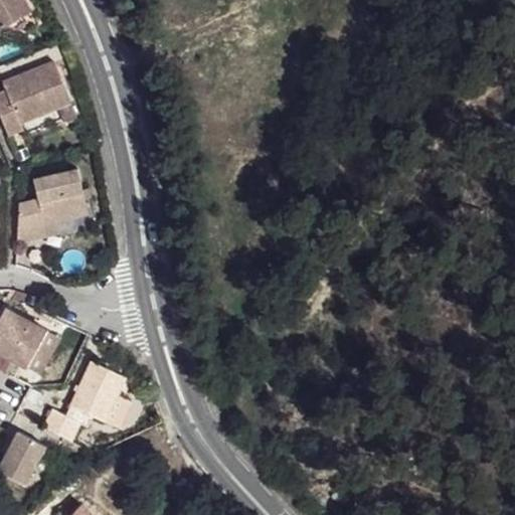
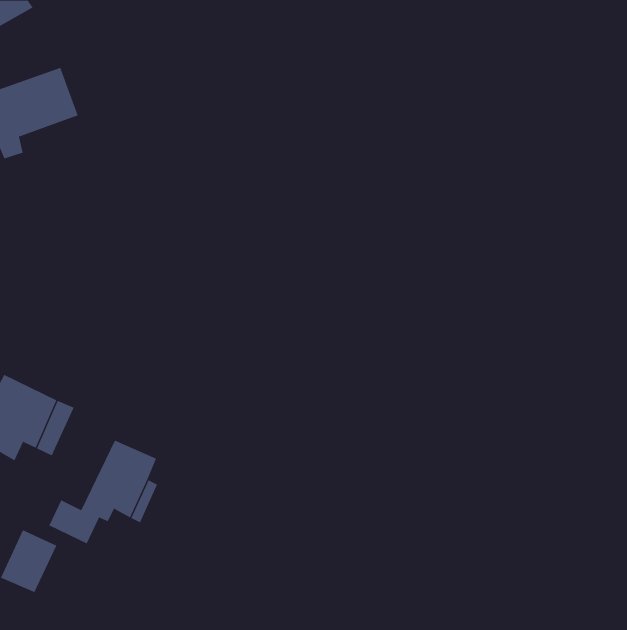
building: [15,172,87,248] -> none

